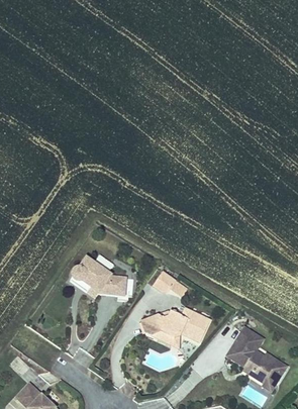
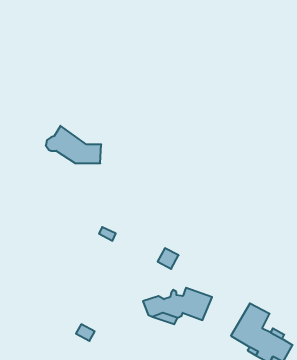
building: [70,258,123,294] -> [46,126,101,163]

